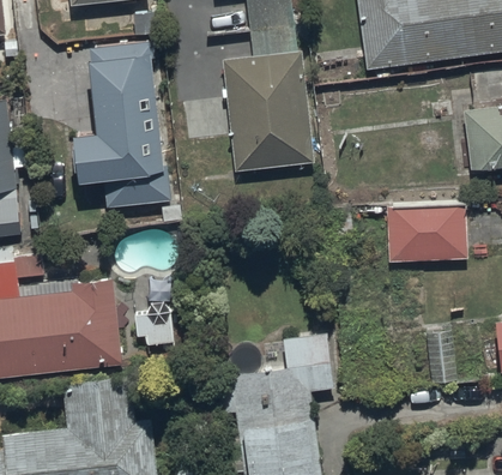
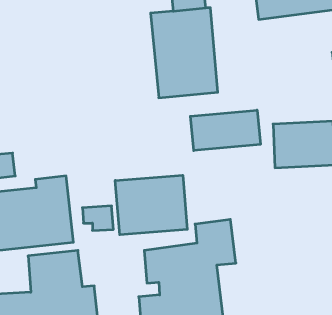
building: [74,50,171,209] -> none
building: none -> [190,110,260,151]
building: none -> [115,175,187,235]

